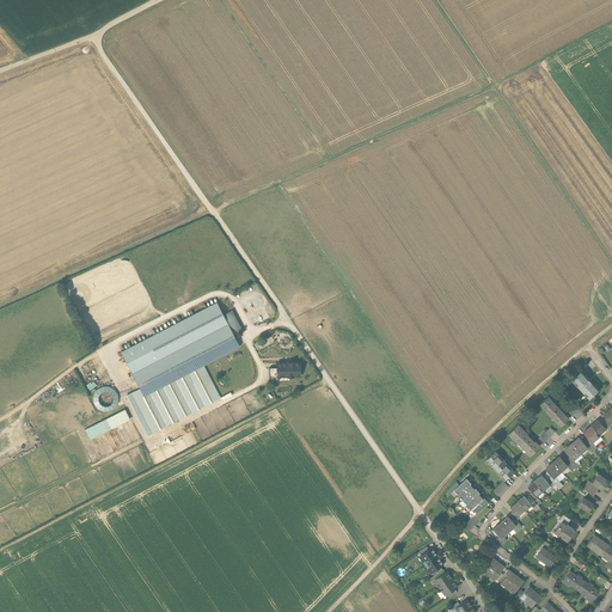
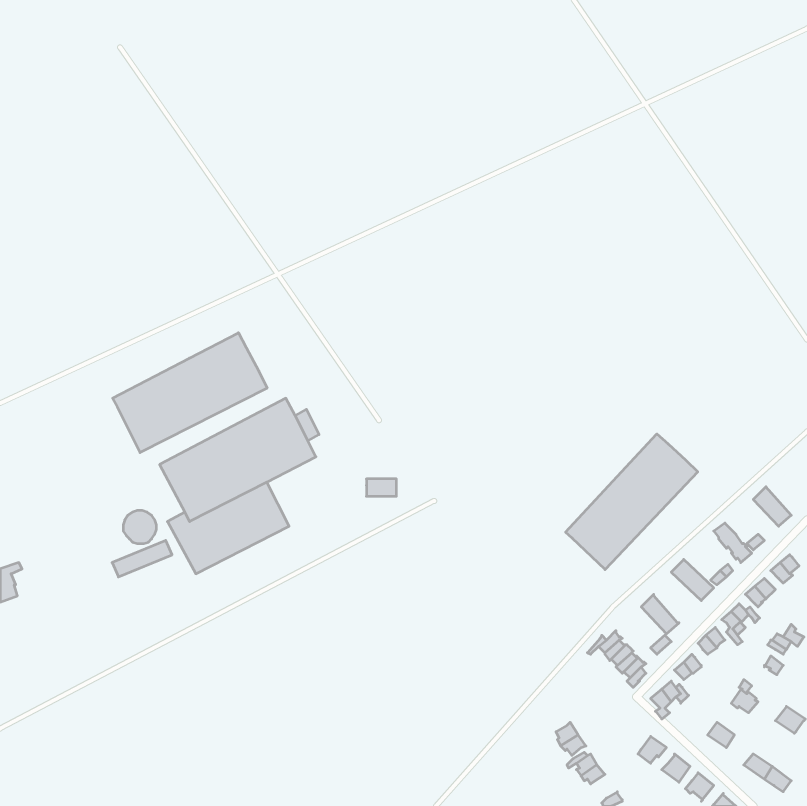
building: none -> [113,333,267,453]
building: none -> [566,434,698,570]

